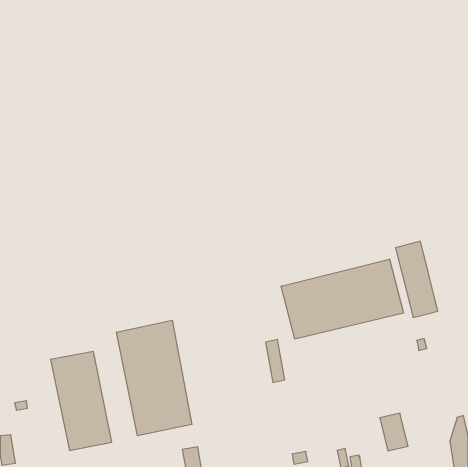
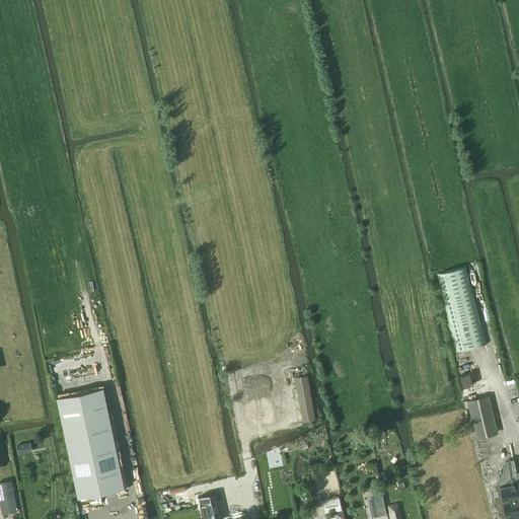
building: [281,259,404,339] -> none
building: [117,320,192,436] -> none
building: [380,413,408,451] -> [467,399,499,441]

